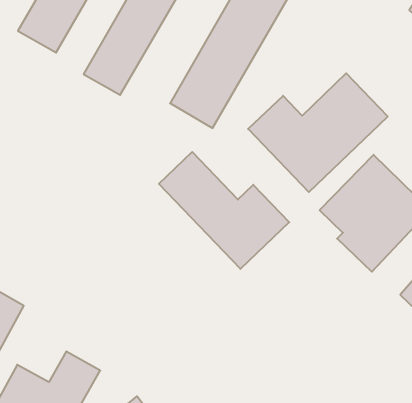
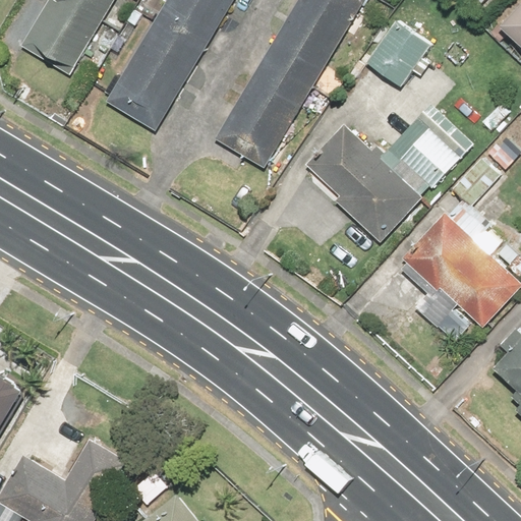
building: none -> [365,16,433,86]
building: [159,152,289,269] -> none

